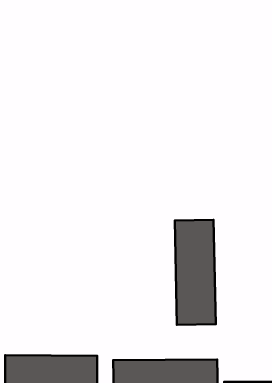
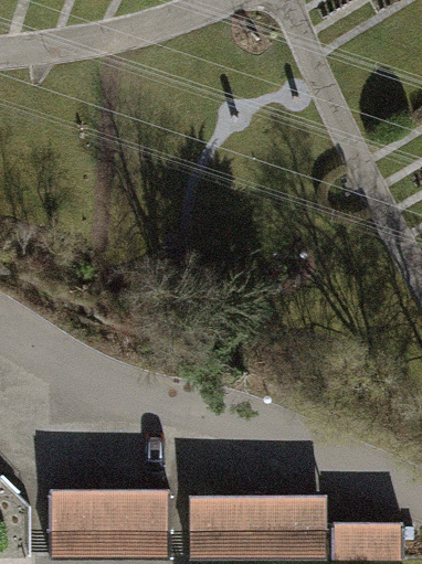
building: [175,220,216,325] -> none

